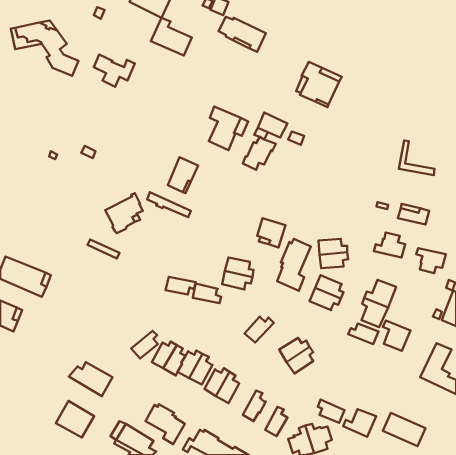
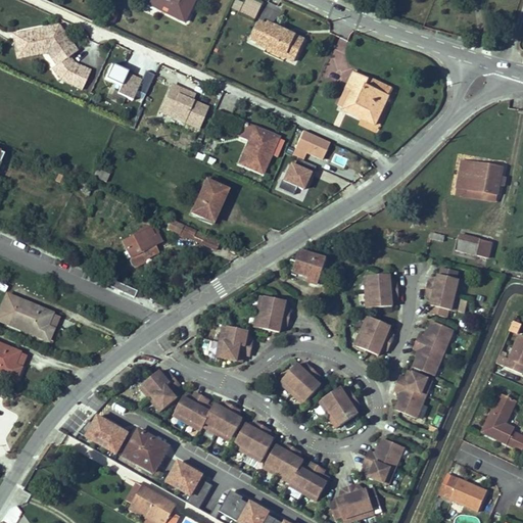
building: [151,18,192,55] -> [160,84,207,127]
building: none -> [464,161,503,193]
building: [277,239,311,291] -> none
building: [416,248,446,273] -> [426,287,460,316]
building: [165,277,196,295] -> [217,340,251,361]
building: [383,321,411,351] -> [395,382,427,417]
building: none -> [140,369,175,398]
building: none -> [292,369,321,402]
building: none -> [264,442,293,474]
building: [56,401,94,438] -> [125,428,169,470]
building: none -> [289,461,318,491]
building: [343,409,376,437] -> [367,437,405,469]

